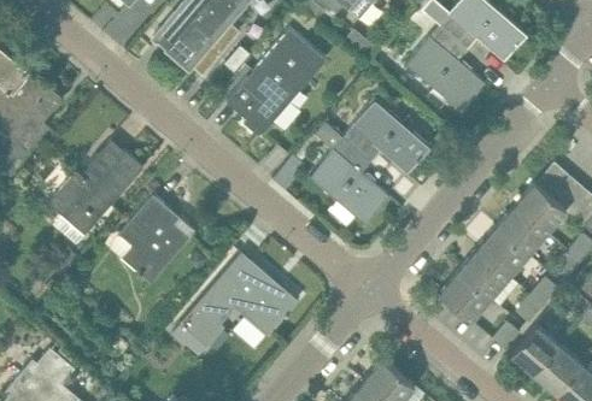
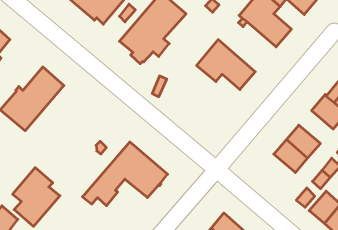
building: [310,123,388,224] -> none
building: [119,195,191,283] -> [13,168,60,226]
building: [496,206,547,255] -> none
building: [439,271,491,322] -> none

